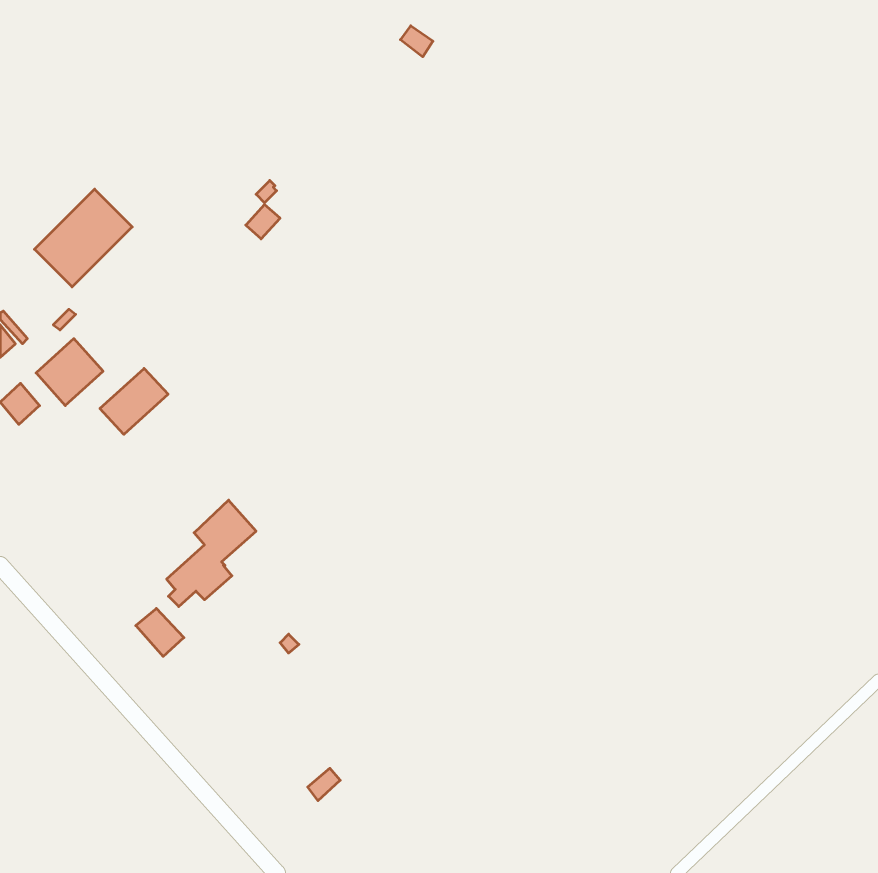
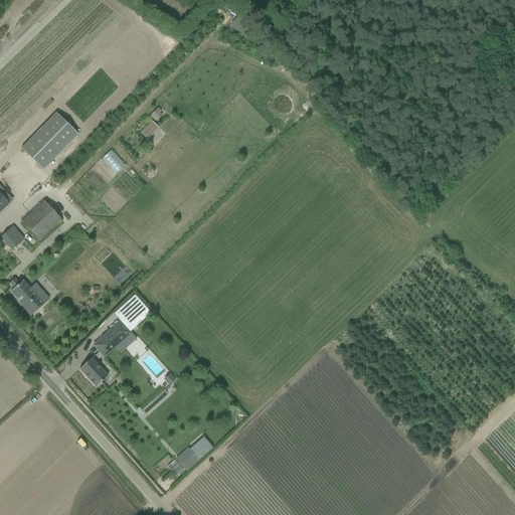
building: [100,368,168,434] -> none
building: none -> [9,276,43,314]

